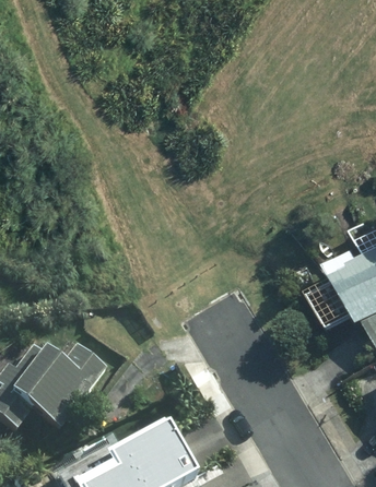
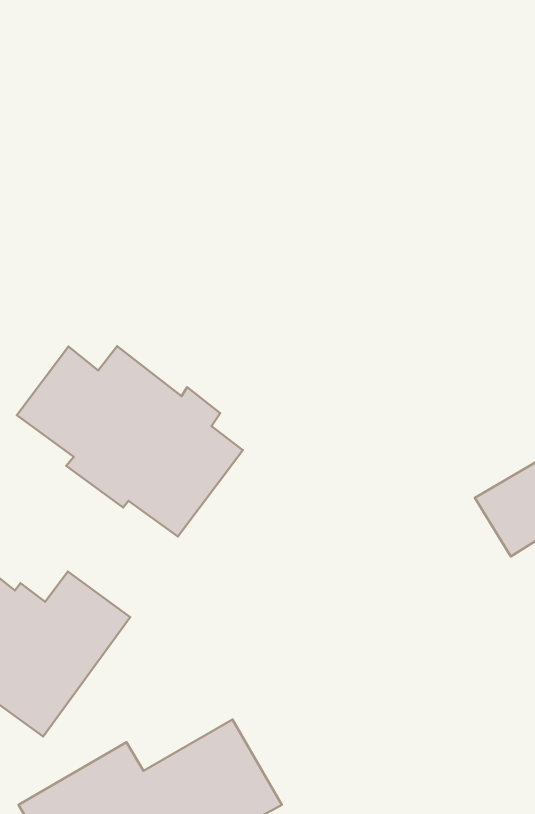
building: none -> [17,346,243,536]

